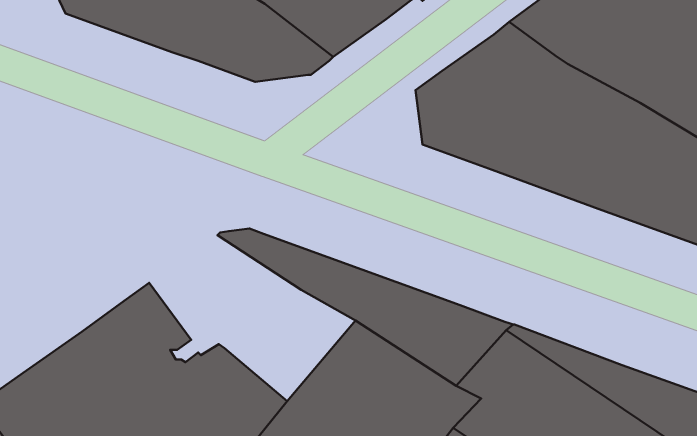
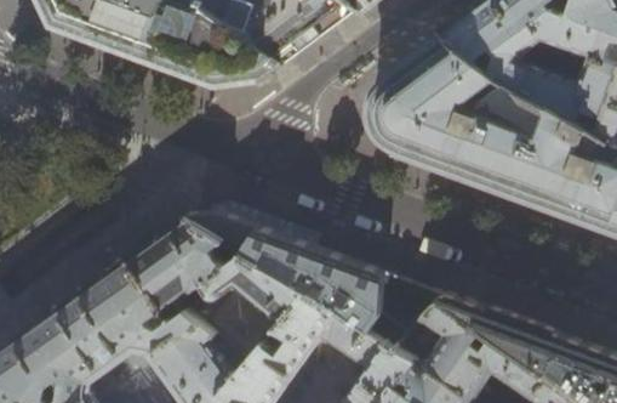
building: none -> [131,216,310,361]

